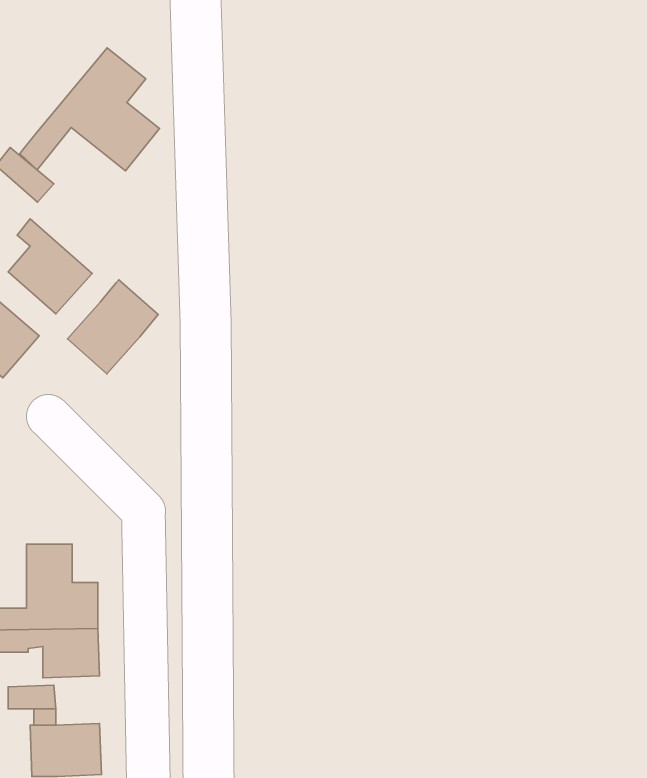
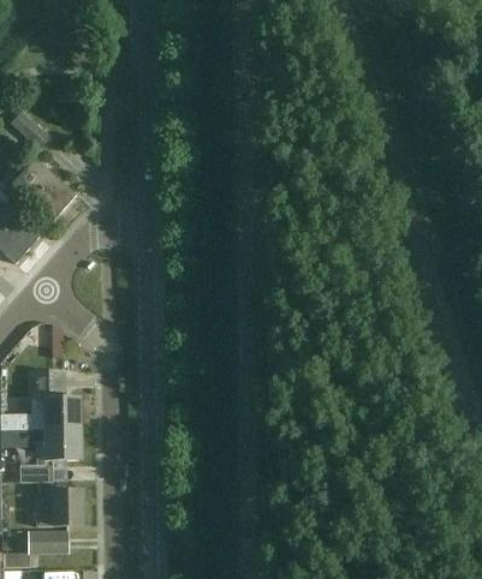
building: [20,48,160,171] -> none
building: [67,280,158,374] -> none

